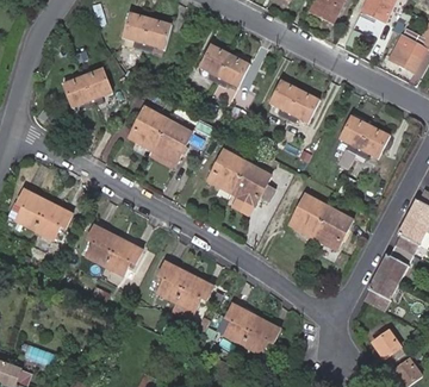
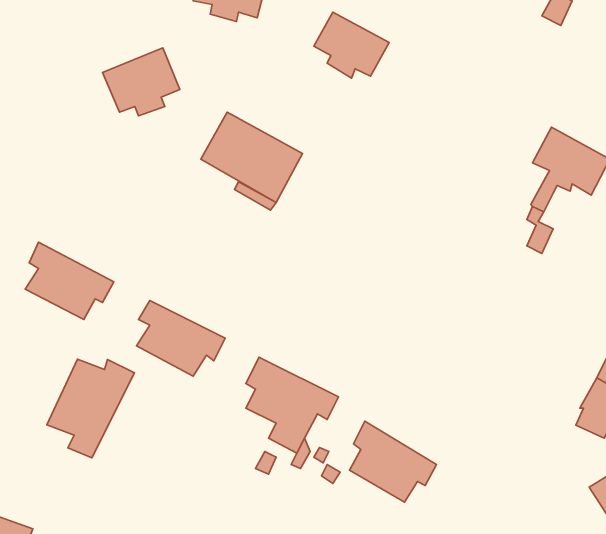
building: [268,79,317,119] -> none
building: [207,149,272,205] -> none
building: [287,193,352,250] -> none
building: none -> [47,359,134,458]

